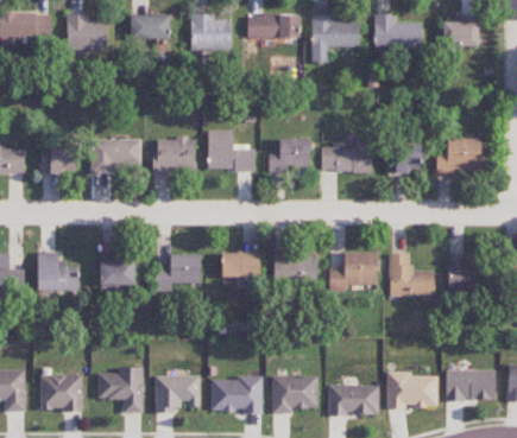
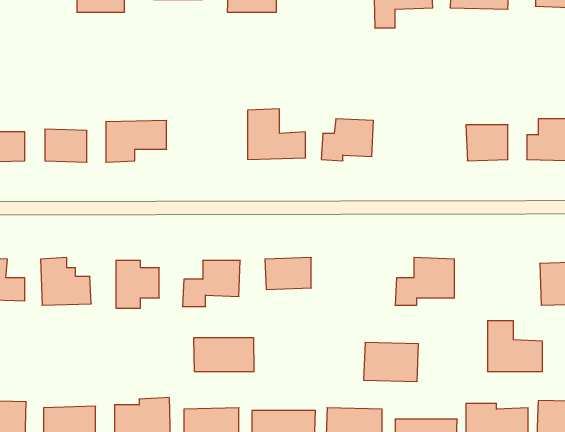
building: [153,138,195,173] -> none
building: [321,138,372,172] -> none
building: [272,254,317,286] -> [364,343,419,382]
building: [389,254,434,296] -> [487,321,542,371]
building: none -> [194,338,254,372]

